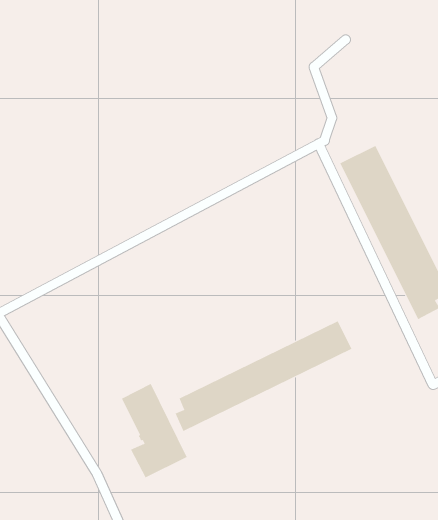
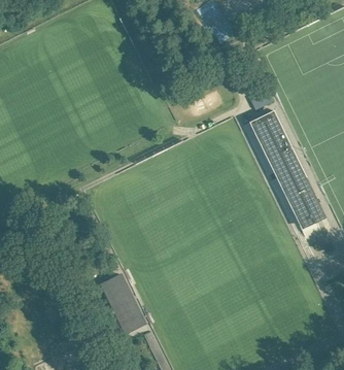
building: [175,320,352,432] -> none

